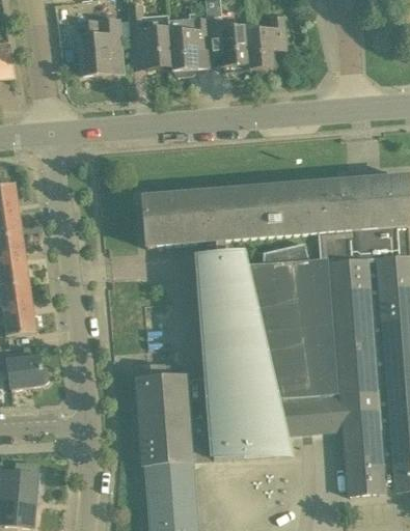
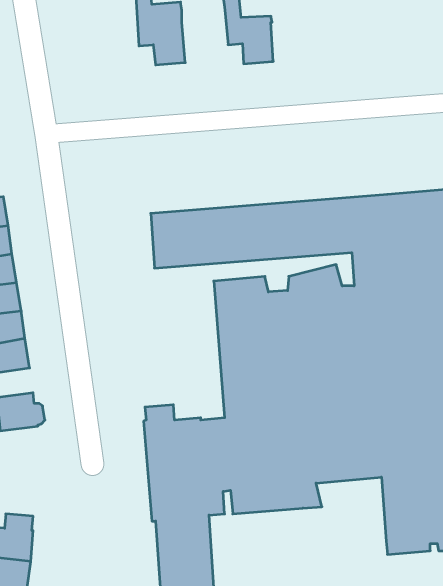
building: [246,16,285,69] -> none
building: [168,17,209,71] -> none
building: [78,20,115,72] -> none

